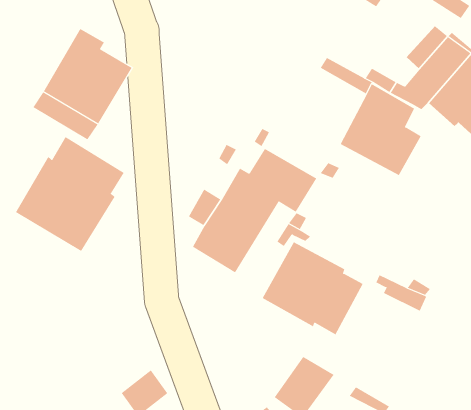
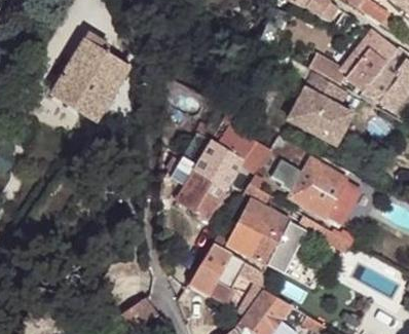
building: [15,136,125,252] -> none
building: none -> [290,159,363,225]
building: none -> [188,245,260,292]

